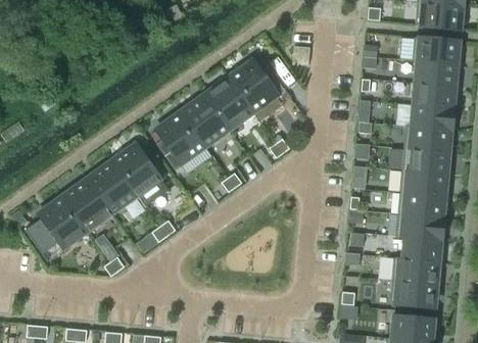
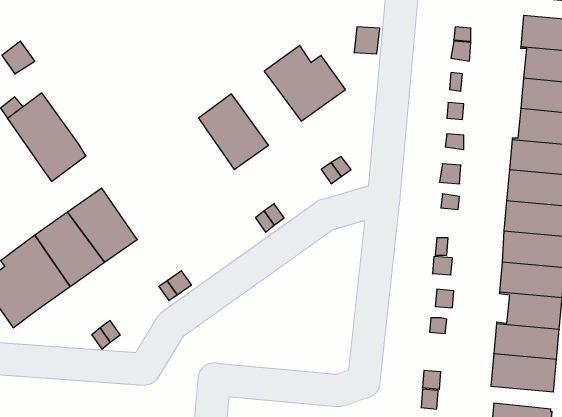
building: [204,77,254,130] -> none
building: [155,110,206,169] -> none
building: [111,142,168,205] -> [7,93,86,181]

